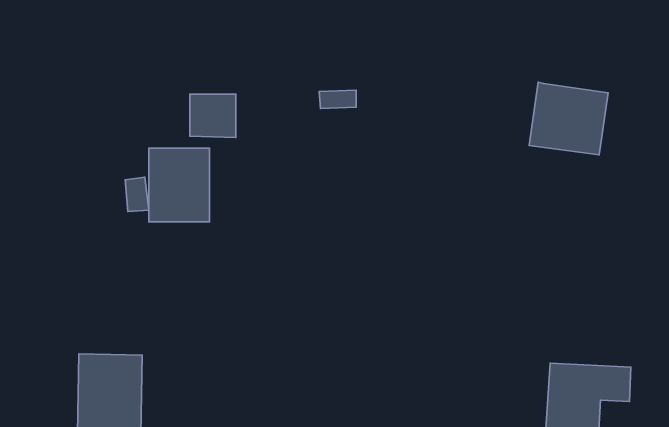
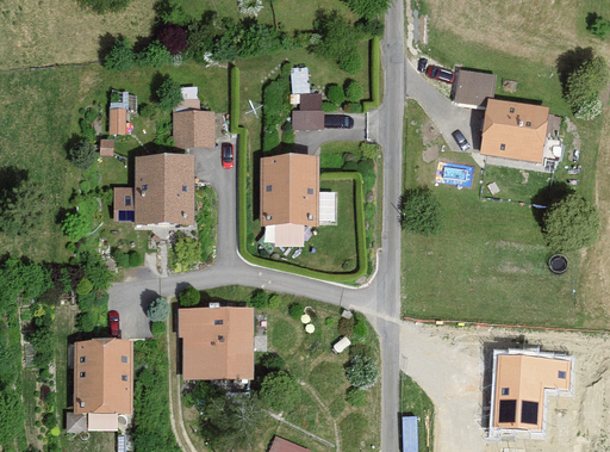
building: none -> [452,67,494,105]
building: none -> [260,159,316,225]
building: none -> [176,311,254,391]

